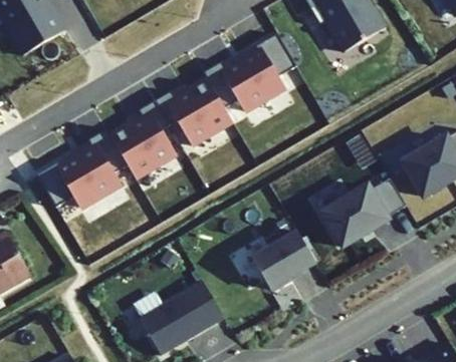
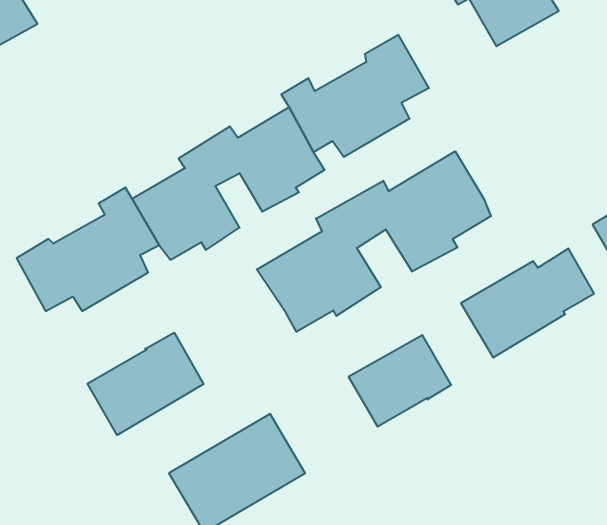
building: none -> [257,151,491,332]
building: none -> [88,333,203,435]

